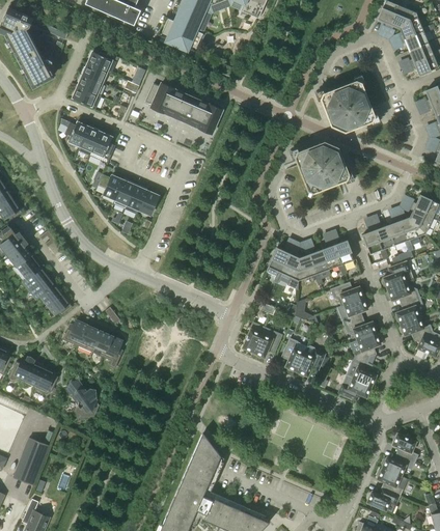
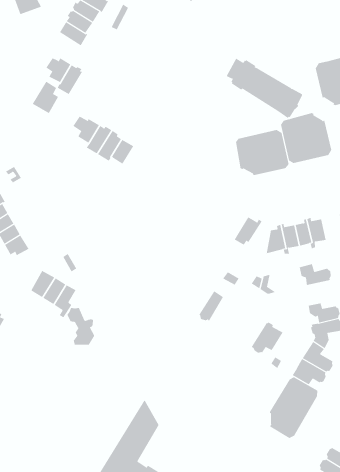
building: [145,83,221,134] -> [226,58,303,119]
building: [90,132,115,163] -> [32,81,59,114]
building: none -> [235,129,289,176]
building: [275,251,299,290] -> none
building: [337,298,368,325] -> none
building: [62,320,87,346] -> none
building: [253,328,281,358] -> none
building: [284,338,307,371] -> none
building: [67,381,98,417] -> [66,308,95,345]
building: none -> [269,376,318,439]

